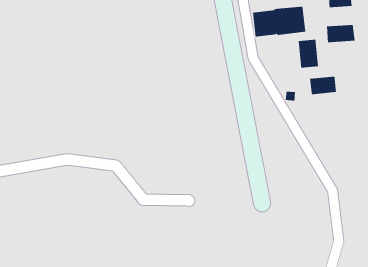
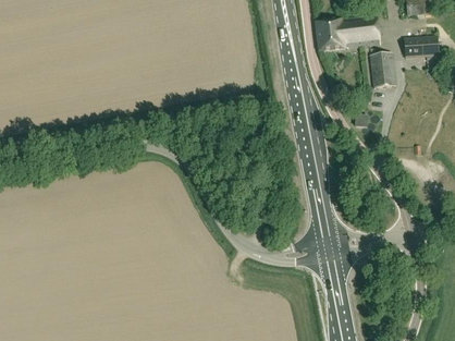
building: [310,76,337,95] -> none

